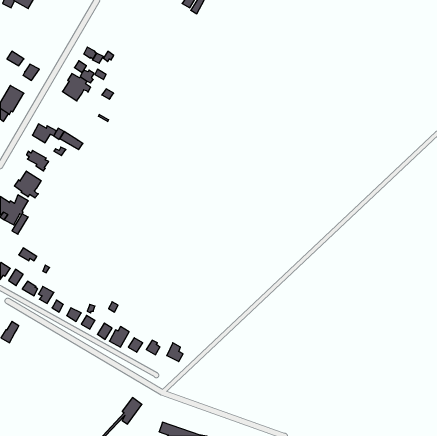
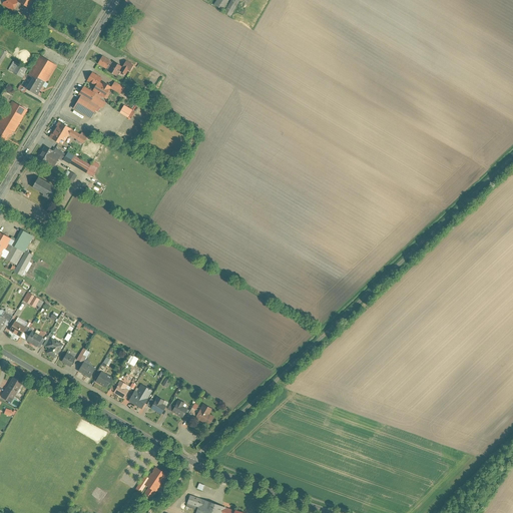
building: none -> [28,55,56,81]
building: none -> [49,120,88,143]
building: [14,171,41,198] -> none

